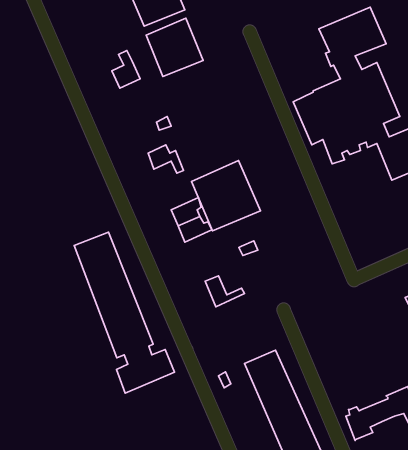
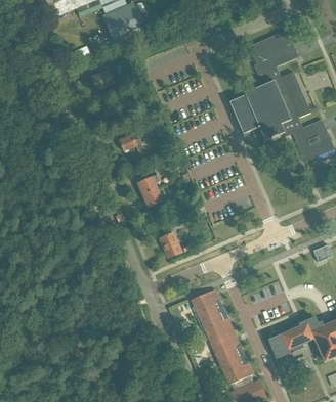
building: [146,18,203,76] -> none
building: [192,160,261,231] -> none
building: [74,232,175,393] -> none

